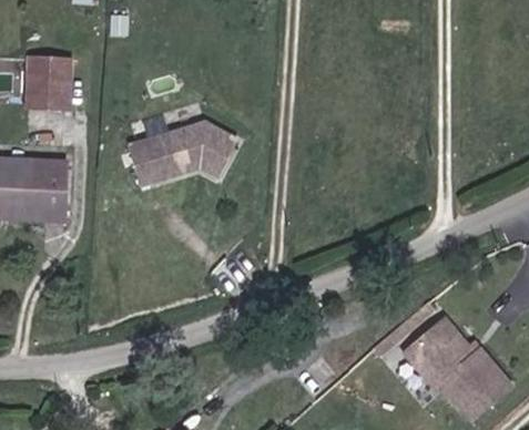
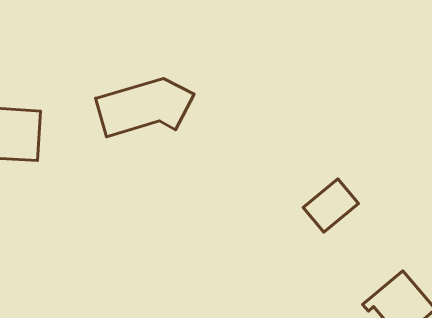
building: [30,57,71,108] -> none
building: [405,317,467,377] -> [303,179,358,232]

